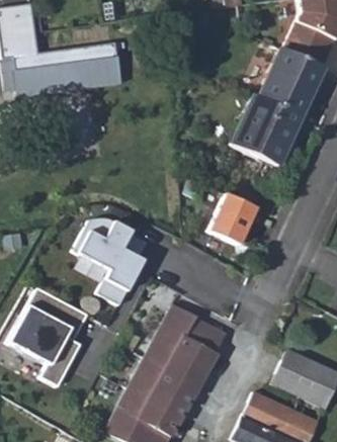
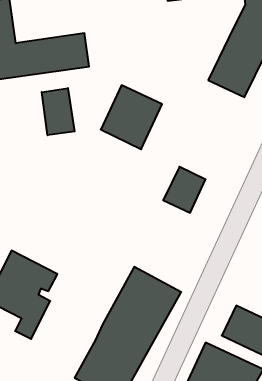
building: [230,95,299,167] -> [101,85,162,149]
building: none -> [42,88,75,135]
building: [73,218,143,305] -> none

